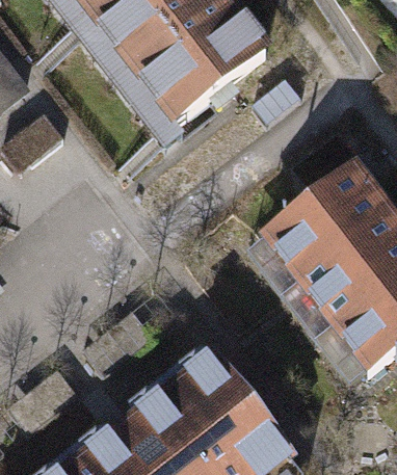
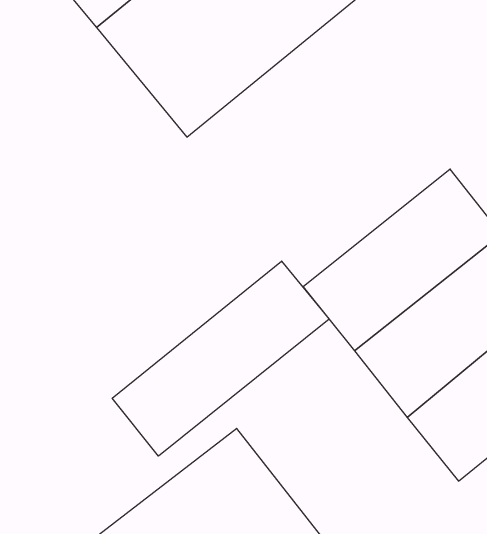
building: none -> [112,261,329,456]

